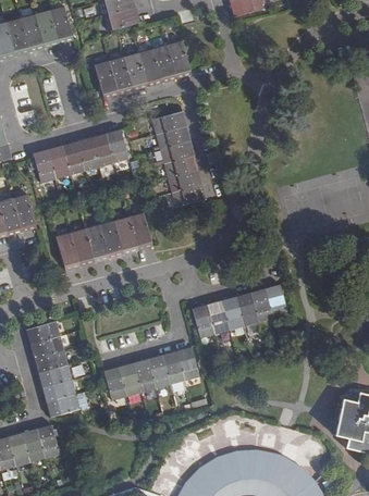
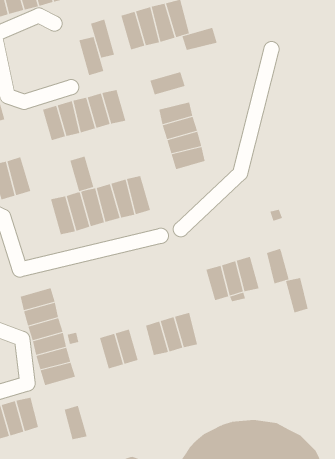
building: [109,57,134,95] -> [78,37,104,76]
building: [157,125,192,148] -> [182,27,217,51]
building: [33,148,57,183] -> [69,156,94,192]
building: [250,287,273,322] -> [285,277,309,313]
building: [193,303,216,337] -> none
building: [133,358,156,392] -> none
building: [37,423,60,457] -> [64,405,87,440]

